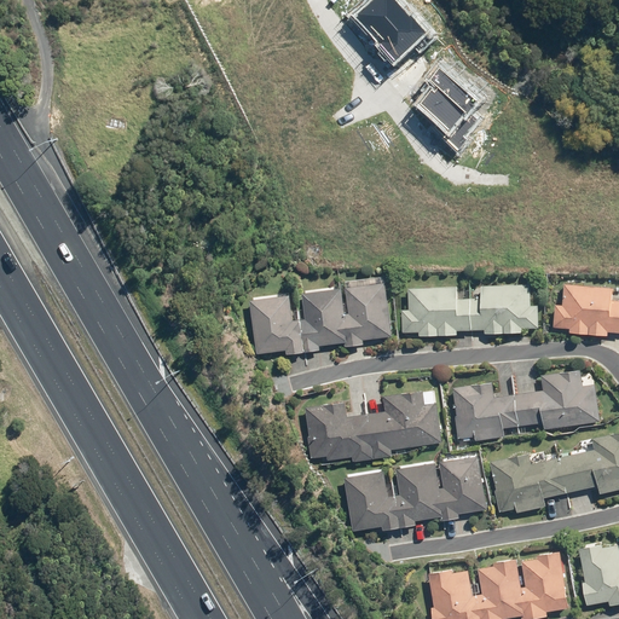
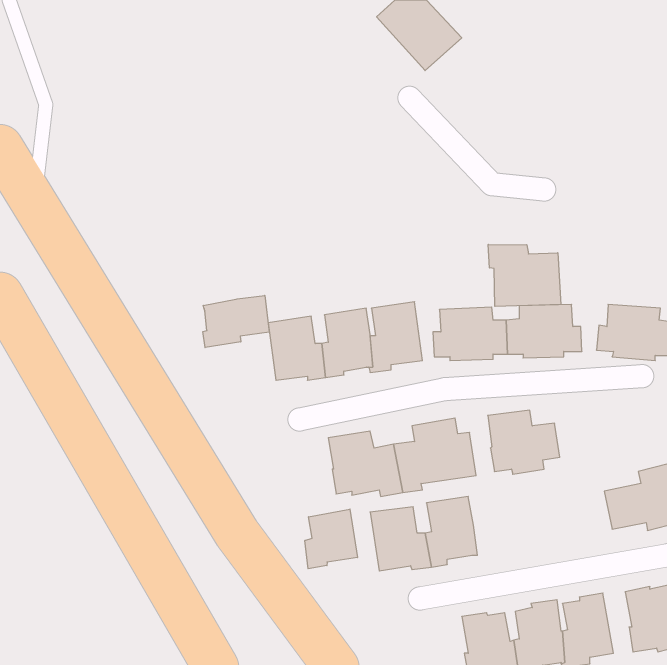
building: [416,70,482,154] -> none
building: none -> [488,244,561,306]
building: none -> [203,295,269,348]
building: [515,369,600,429] -> none
building: [490,452,567,513] -> none
building: [438,456,487,521] -> none
building: none -> [305,509,357,569]

